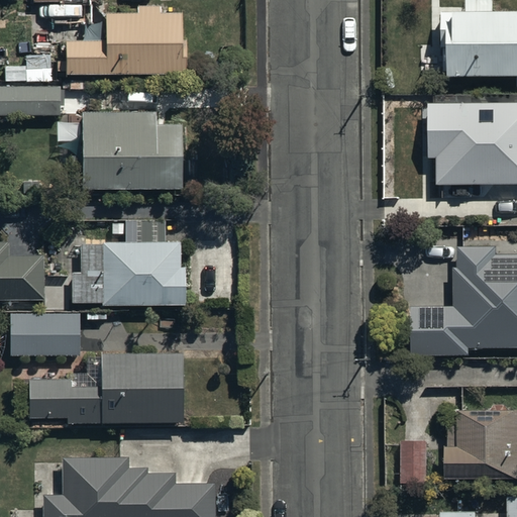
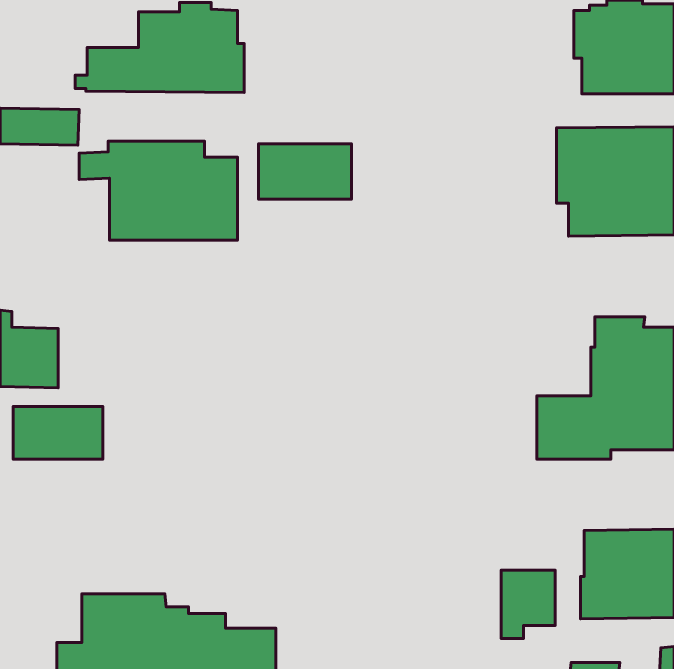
building: none -> [259,144,352,199]
building: [72,222,186,305] -> none
building: [29,352,182,423] -> none

